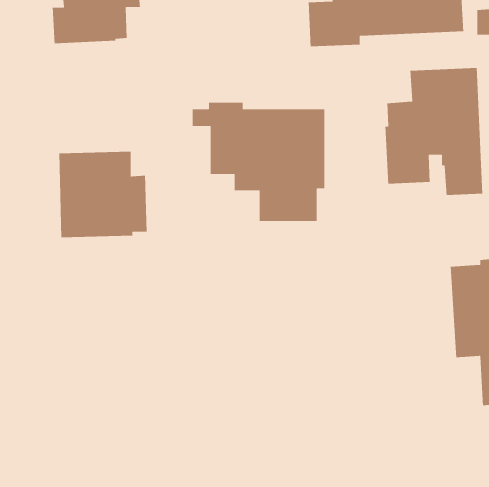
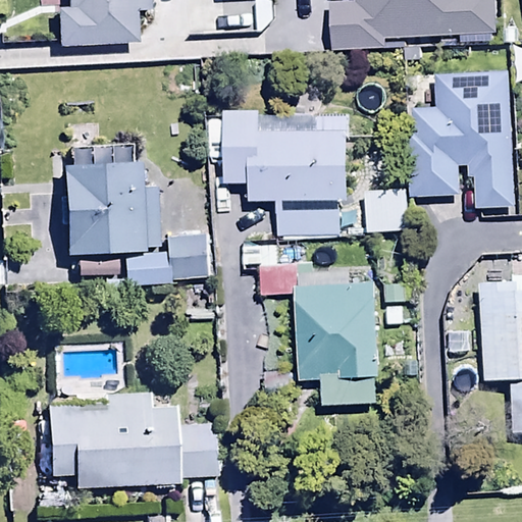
building: none -> [365,190,408,232]
building: none -> [123,233,211,282]
building: none -> [259,245,380,406]
building: none -> [45,393,221,488]

